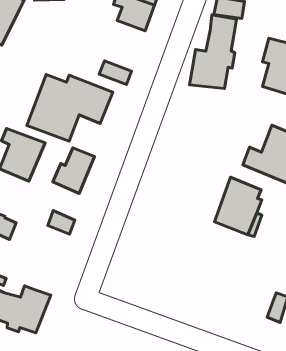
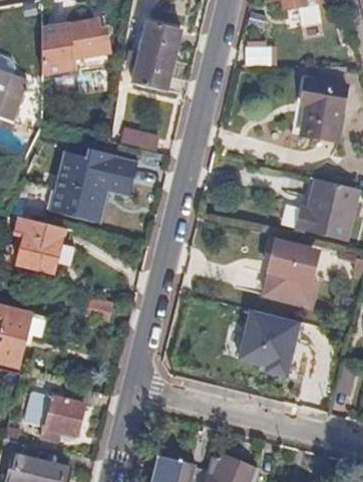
building: [190,15,237,88] -> none
building: [53,148,95,194] -> none
building: none -> [237,308,300,378]

